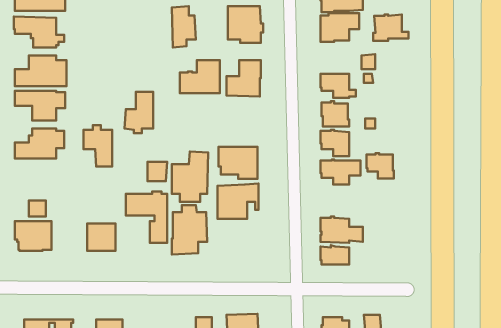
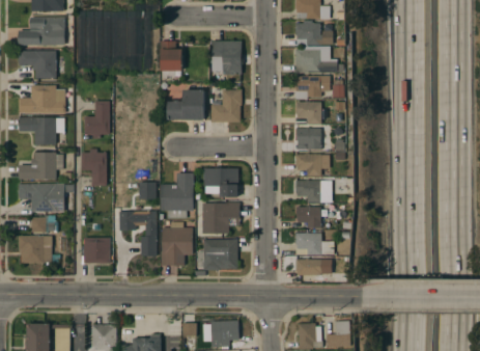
building: [373,15,409,41] -> [294,75,327,99]
building: [125,92,153,133] -> [84,101,110,138]
building: [366,153,394,178] -> [297,206,321,228]
building: none -> [19,184,64,211]
building: none -> [197,239,238,270]

